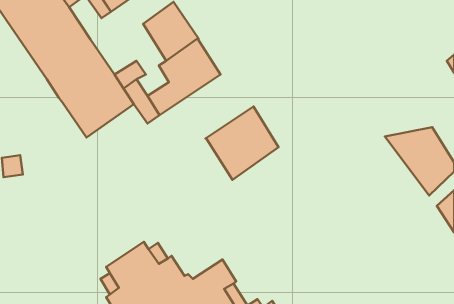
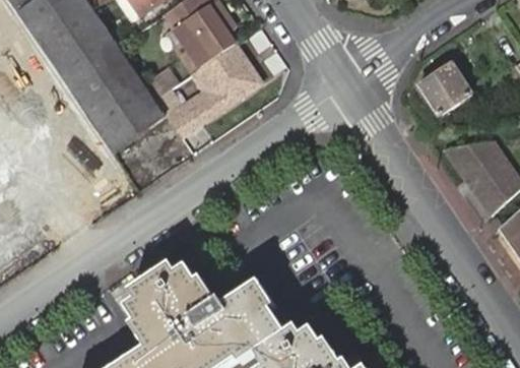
building: none -> [418,62,472,114]
building: [205,106,279,180] -> none

